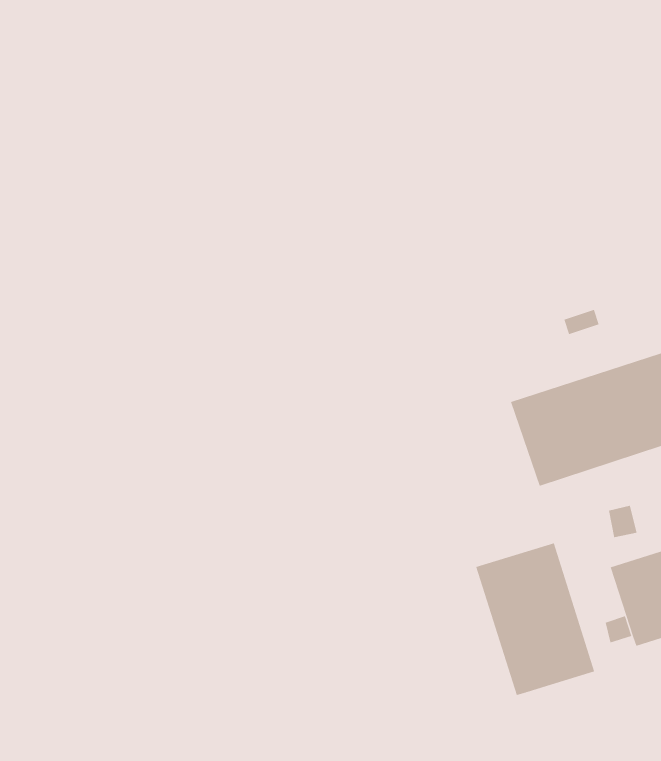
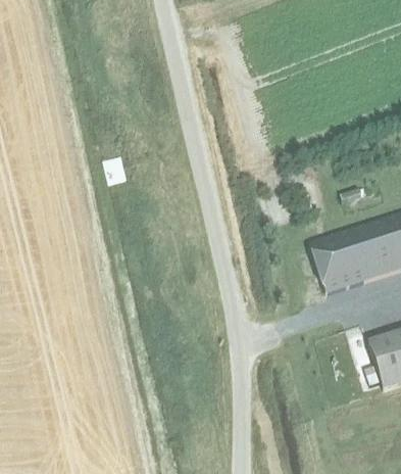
building: [476,542,595,696] -> none

